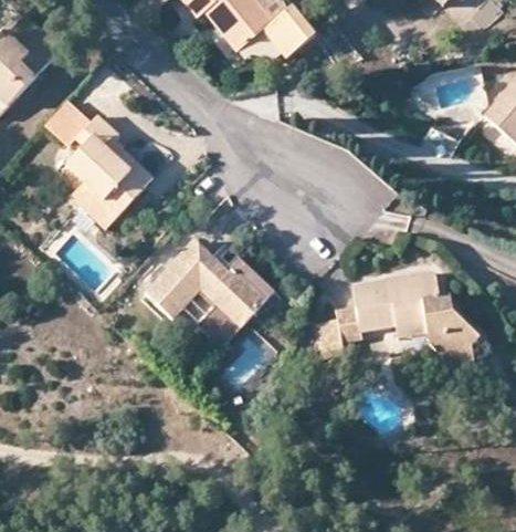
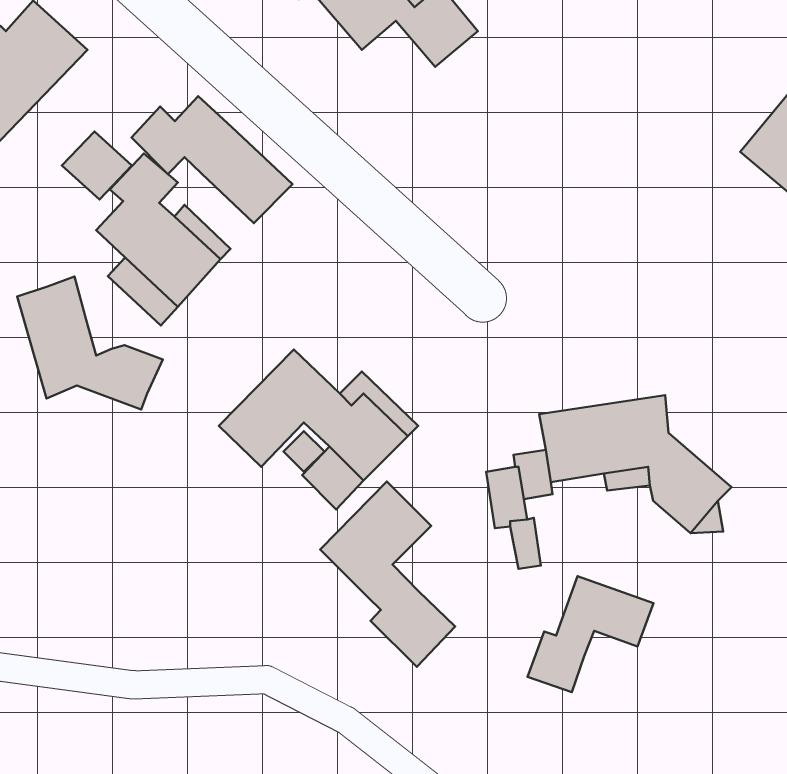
building: none -> [131,96,293,223]
building: none -> [17,277,163,409]
building: none -> [320,482,455,667]
building: none -> [528,576,653,692]

